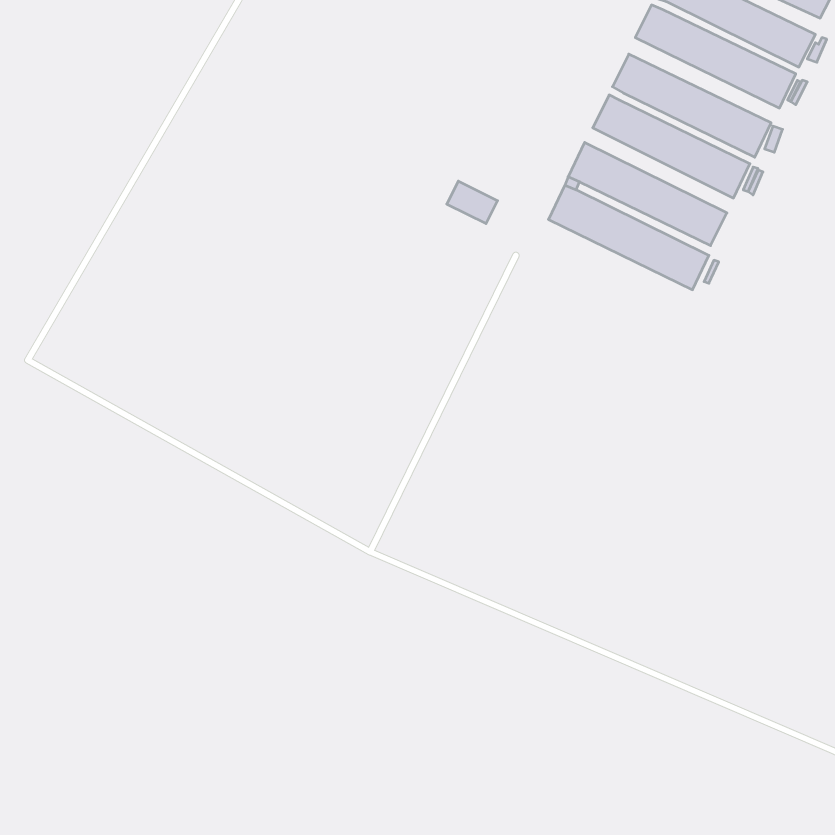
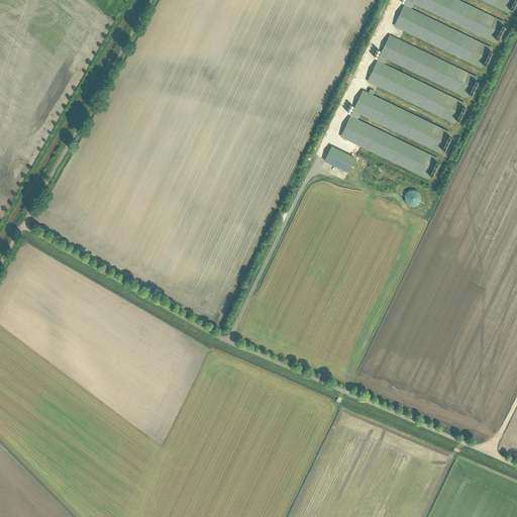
building: [447,181,498,224] -> [321,144,352,171]

